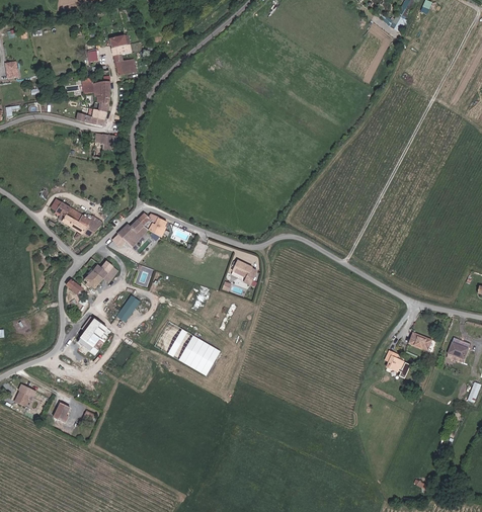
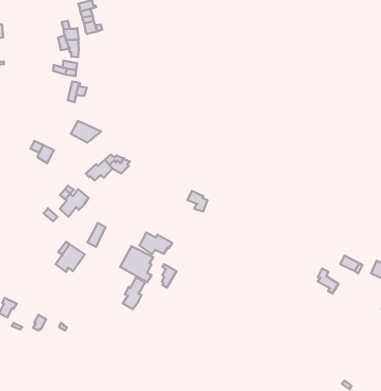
building: [70,210,105,236] -> [71,121,101,143]
building: none -> [139,233,172,254]
building: none -> [123,278,145,309]

